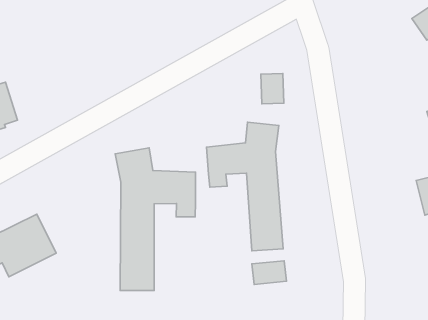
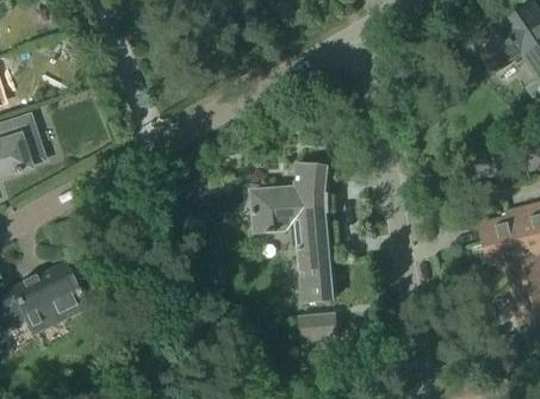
building: [261,73,284,104] -> none
building: [115,148,196,291] -> none

